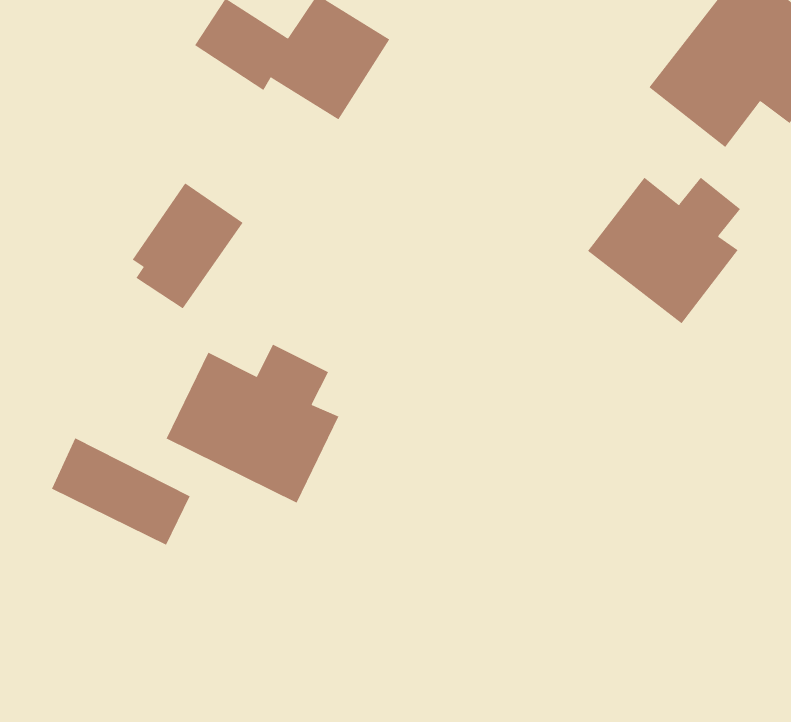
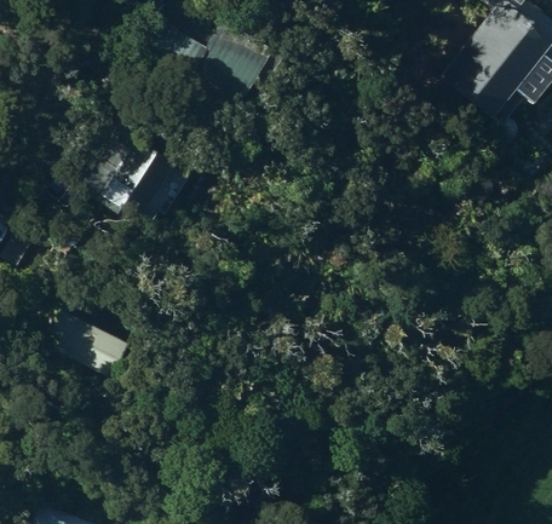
building: [587,177,741,324] -> none
building: [166,344,339,503] -> none

